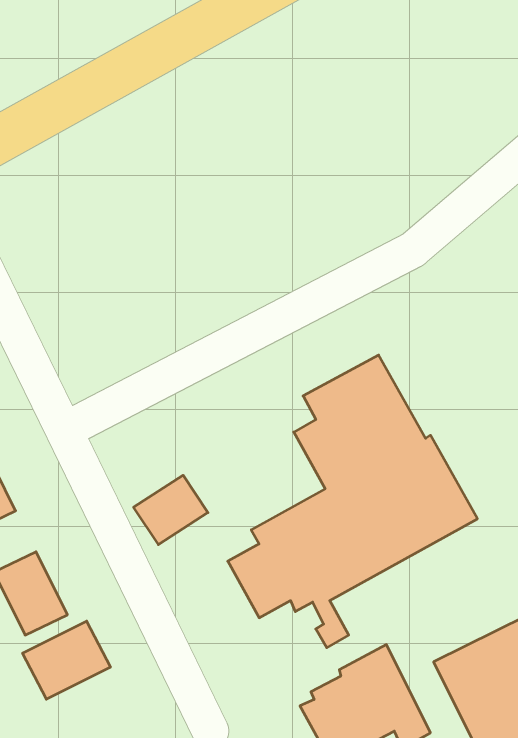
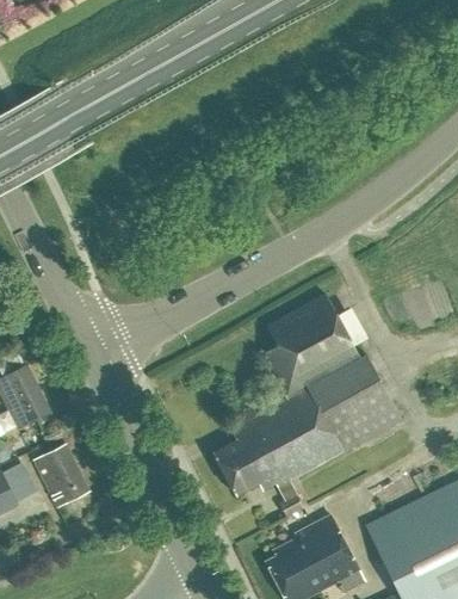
building: [134,475,208,545] -> none
building: [23,621,110,699] -> none

